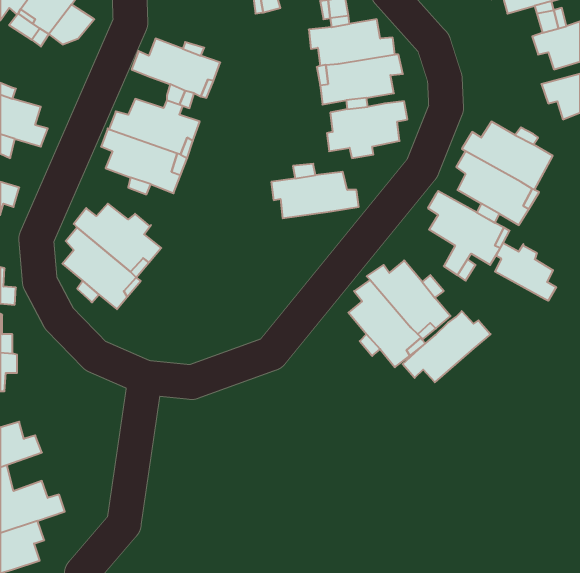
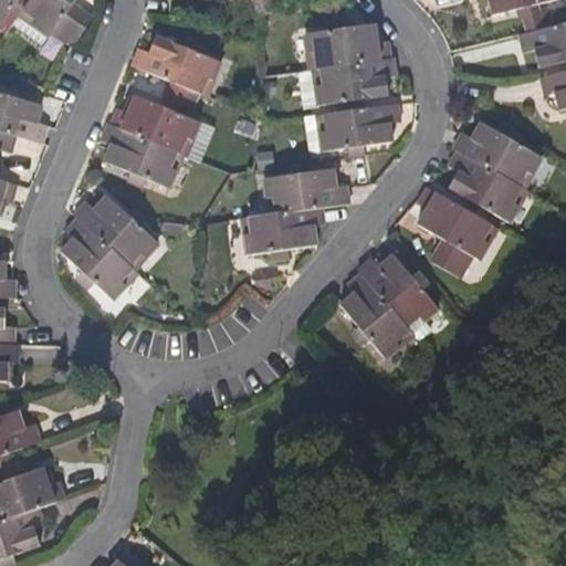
building: none -> [244,206,325,260]
building: [495,243,556,301] -> none
building: [403,311,491,382] -> none

